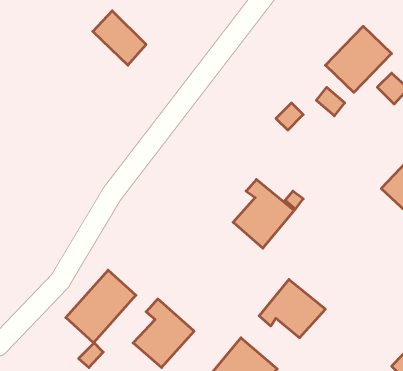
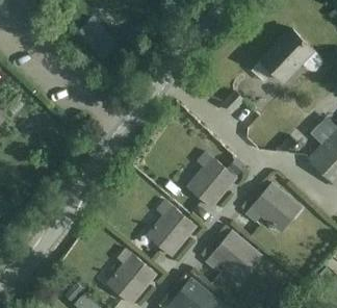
building: none -> [248,184,301,231]
building: none -> [148,200,195,254]
building: [66,270,136,343] -> none

